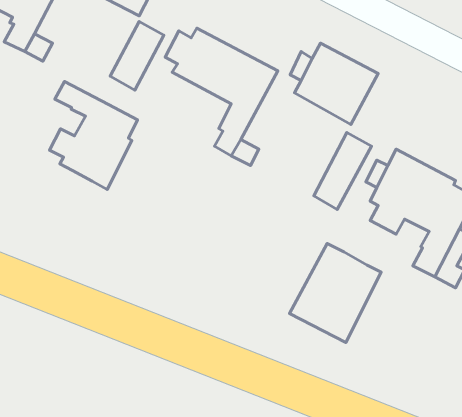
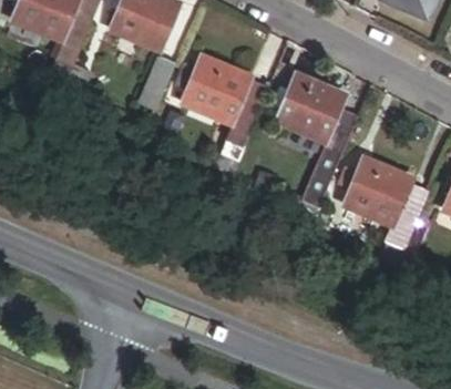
building: [49,81,137,189] -> none
building: [290,243,381,343] -> none

